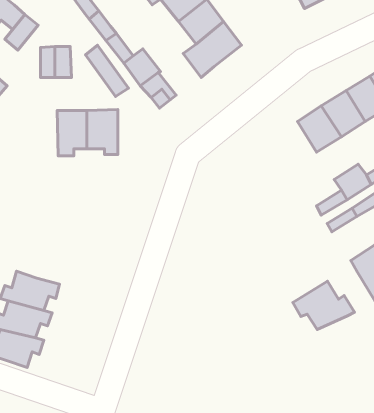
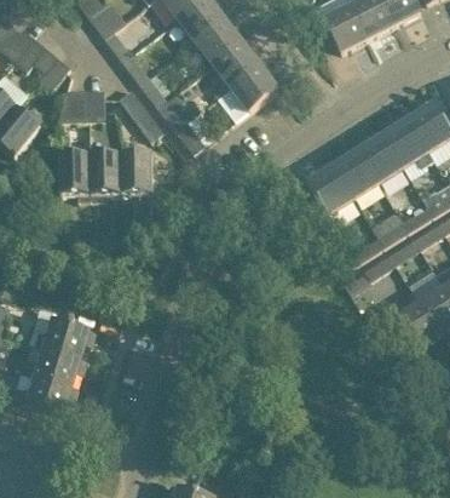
building: none -> [59,155,92,201]
building: none -> [310,166,354,213]
building: [293,281,354,329] -> none

